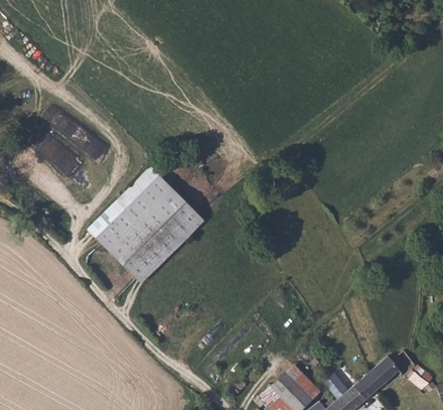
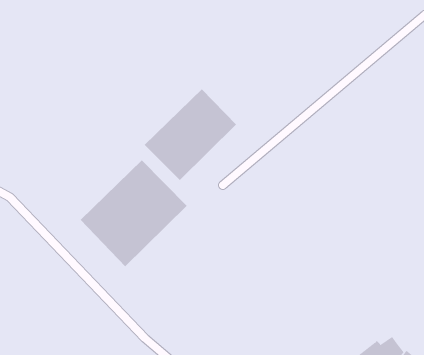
building: none -> [144,89,237,181]

